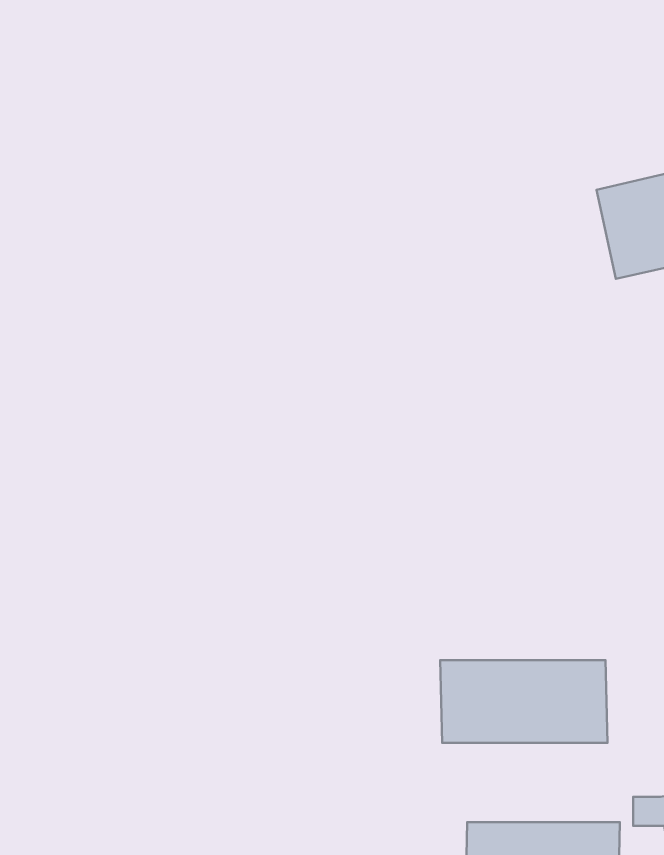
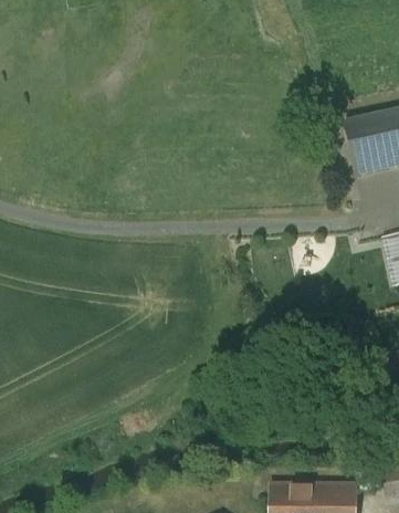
building: [440,660,608,743] -> none

